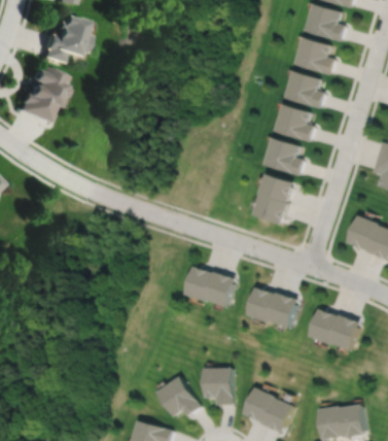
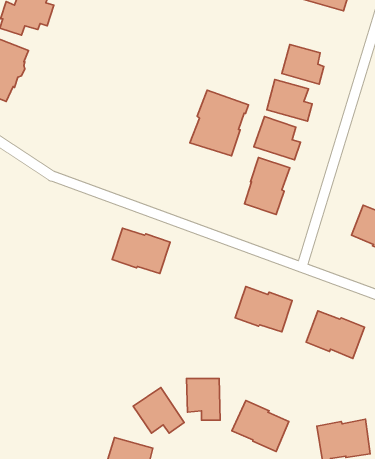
building: [297,38,337,76] -> none
building: none -> [190,90,248,156]
building: [184,266,236,306] -> [112,228,170,273]

